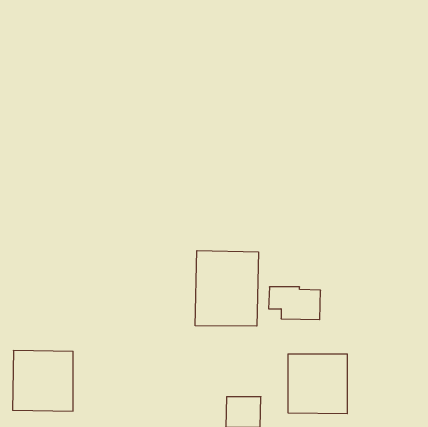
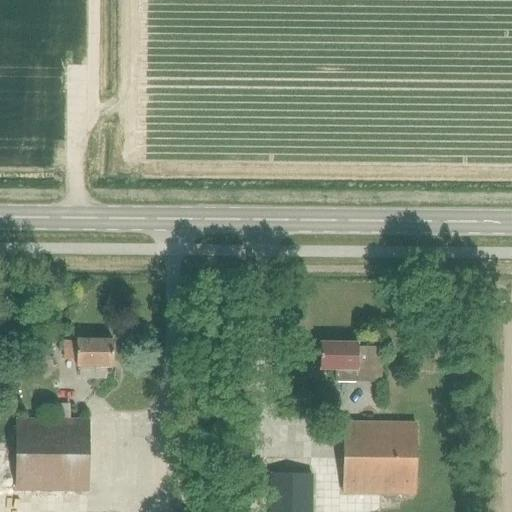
building: [195,251,258,326] -> none
building: none -> [64,339,113,365]

